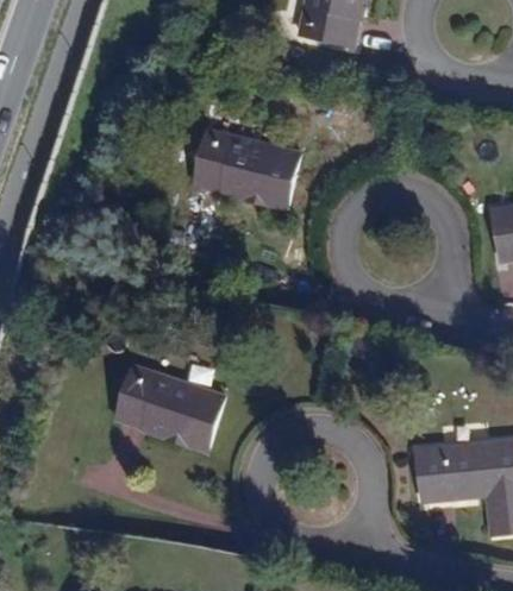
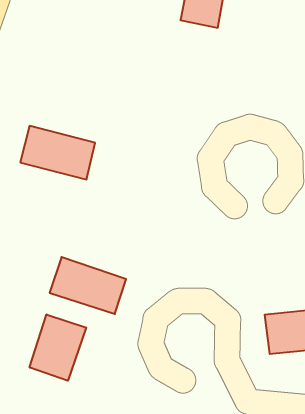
building: [195,130,300,205] -> [20,126,95,179]
building: none -> [30,314,86,381]

